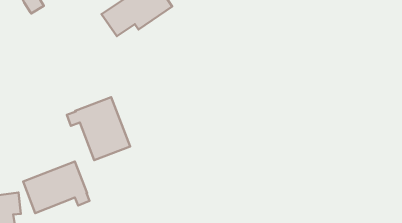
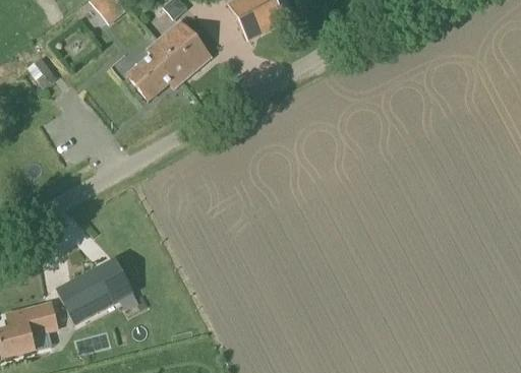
building: [67,97,130,160] -> none

